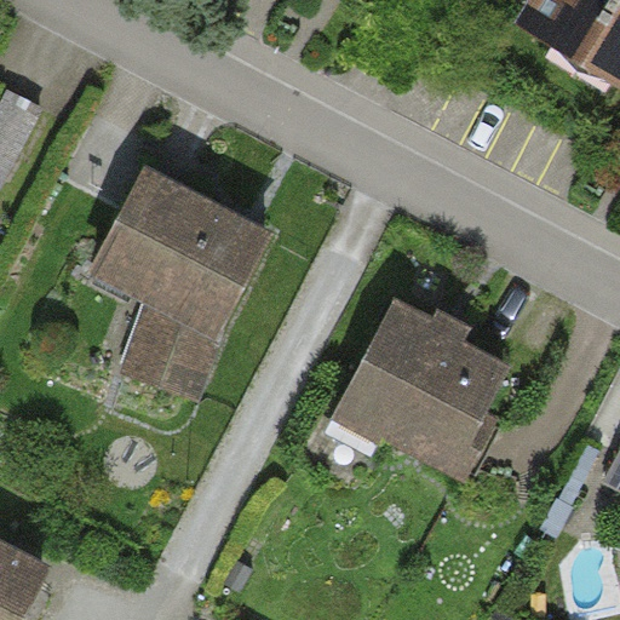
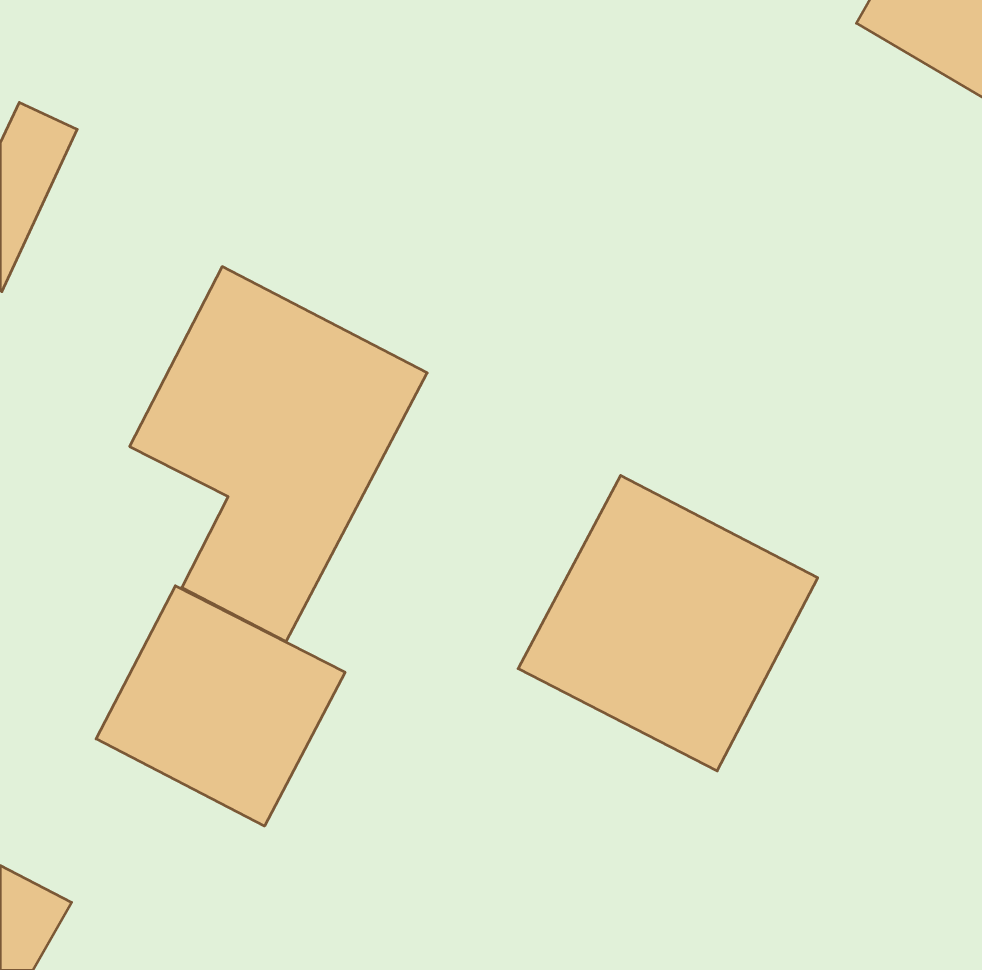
building: none -> [96,586,345,826]

